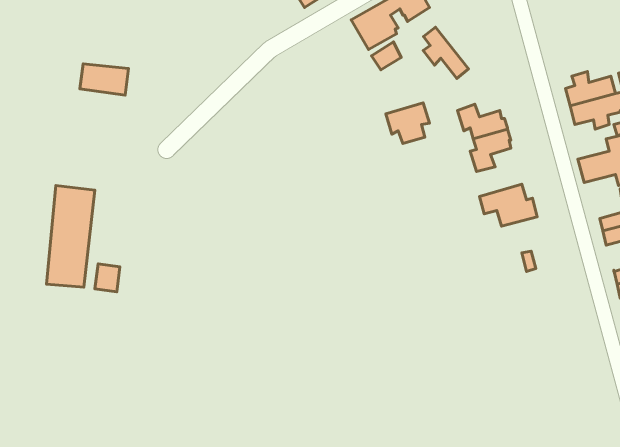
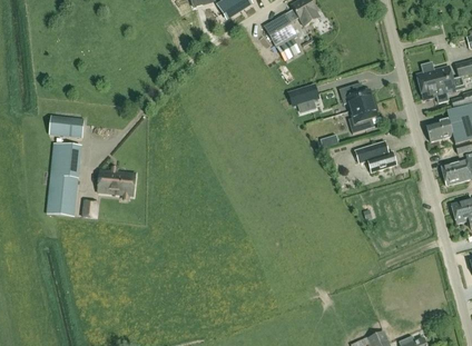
building: [423,27,469,78] -> none
building: [80,64,128,95] -> [49,116,83,138]
building: none -> [98,169,136,196]

